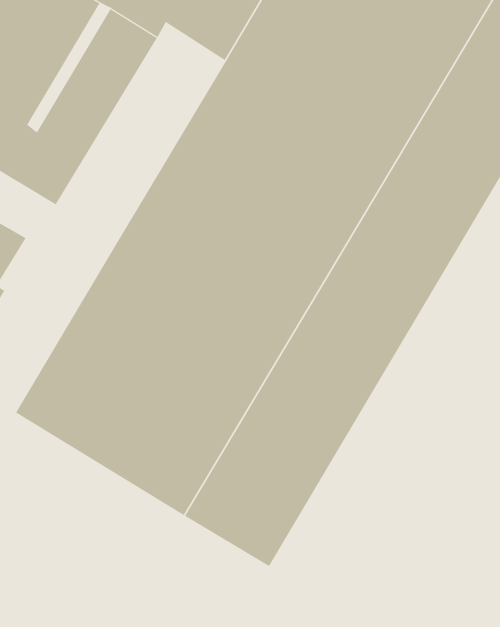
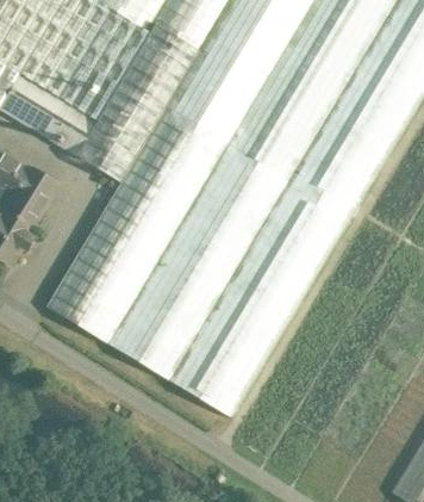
building: none -> [76,21,199,180]

